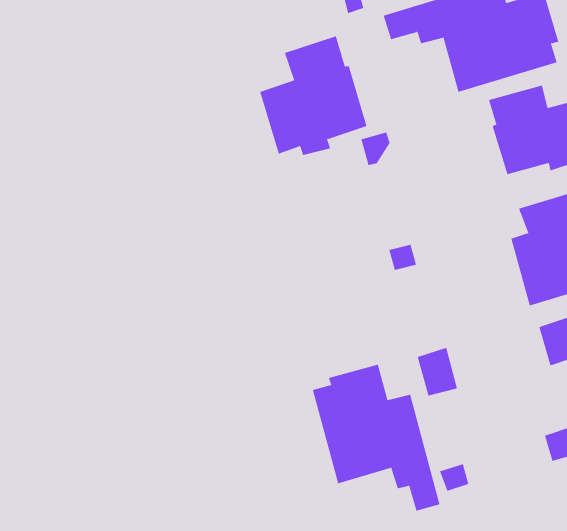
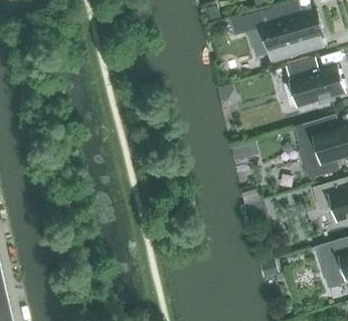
building: [260,35,367,156] -> none
building: [312,364,440,511] -> none

